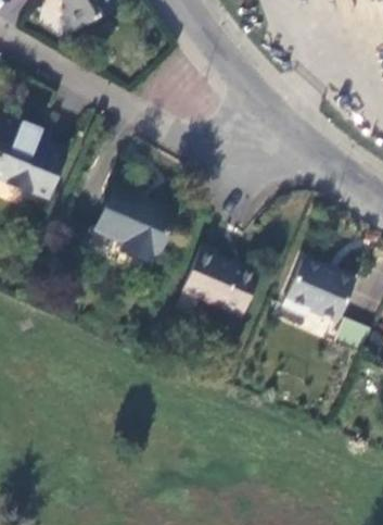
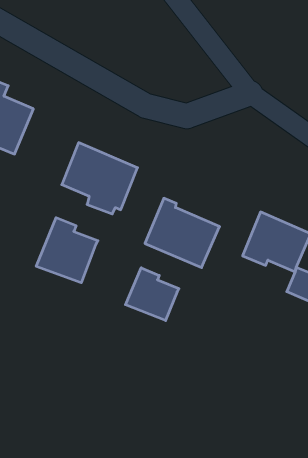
building: none -> [36,218,98,283]
building: none -> [125,268,179,321]

